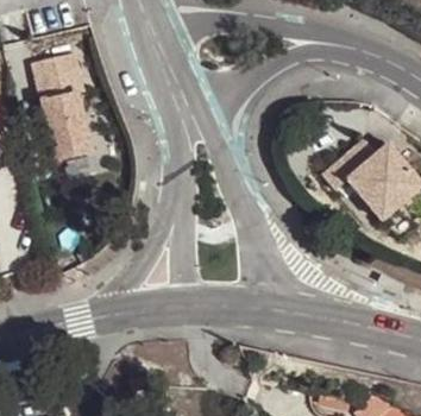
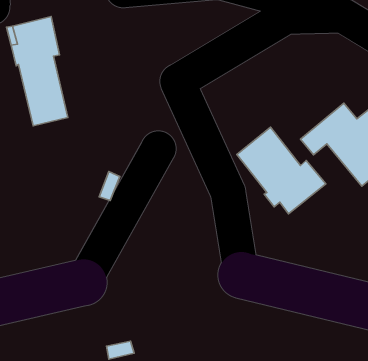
building: none -> [237,127,326,214]

